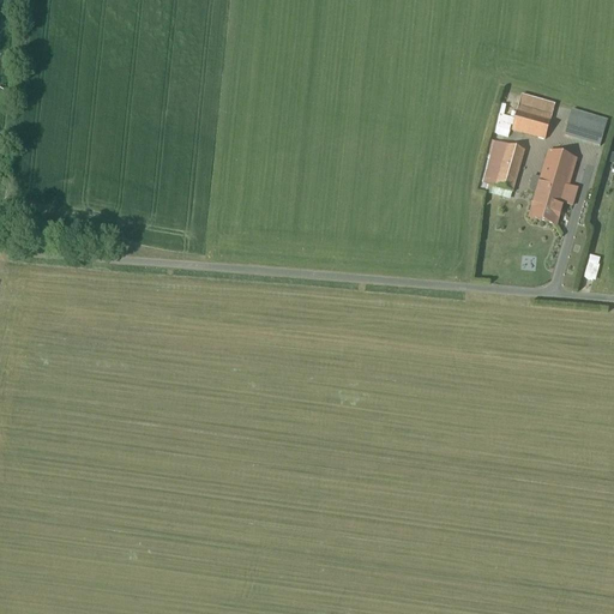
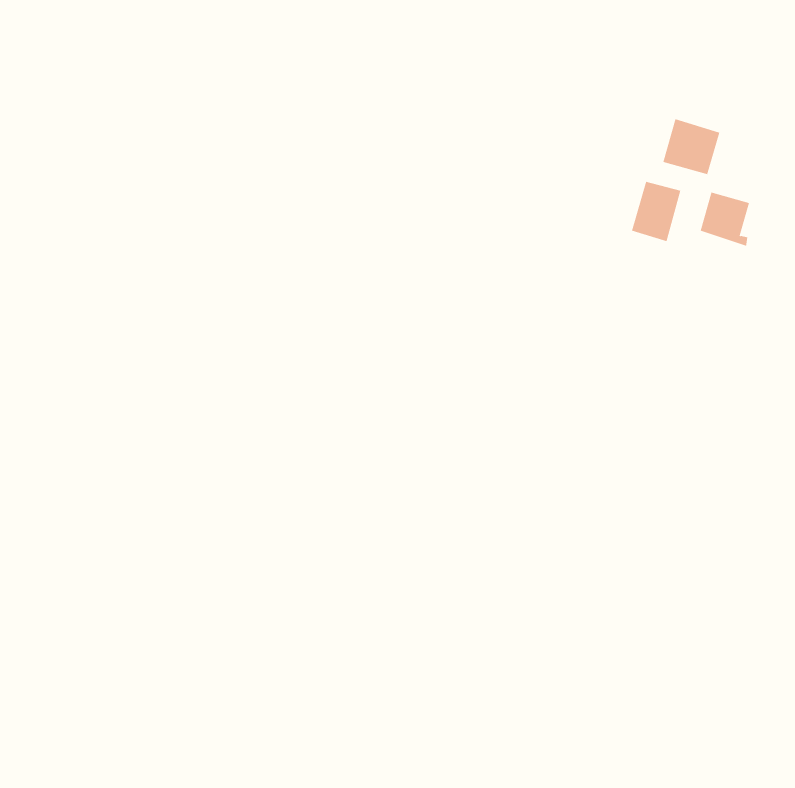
building: [562,107,607,142] -> none
building: [528,177,574,222] -> none

